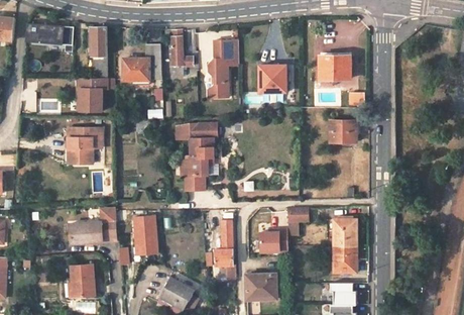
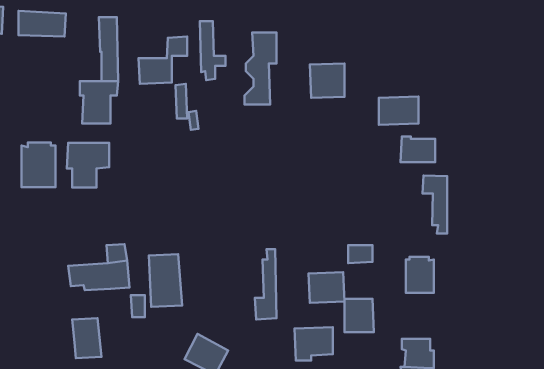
building: [319,57,350,79] -> [379,97,418,125]
building: [176,124,215,191] -> none
building: none -> [22,142,55,187]
building: none -> [423,176,447,233]
building: [334,245,357,272] -> [344,299,374,332]

